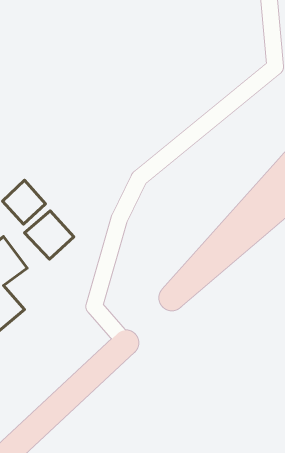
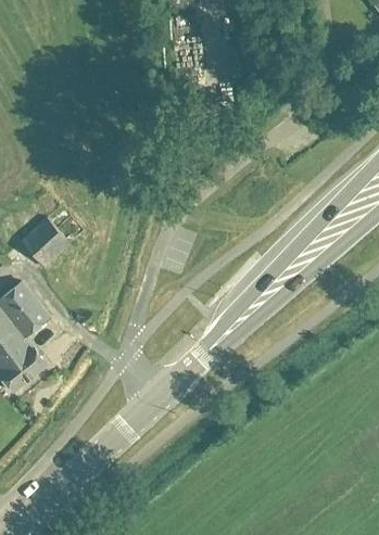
building: [25,211,74,259] -> none

